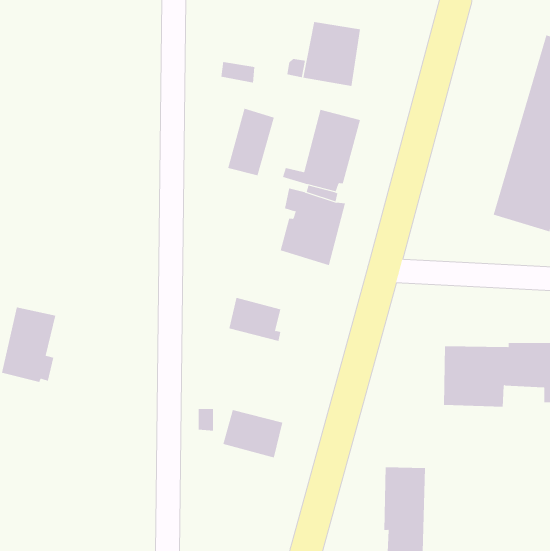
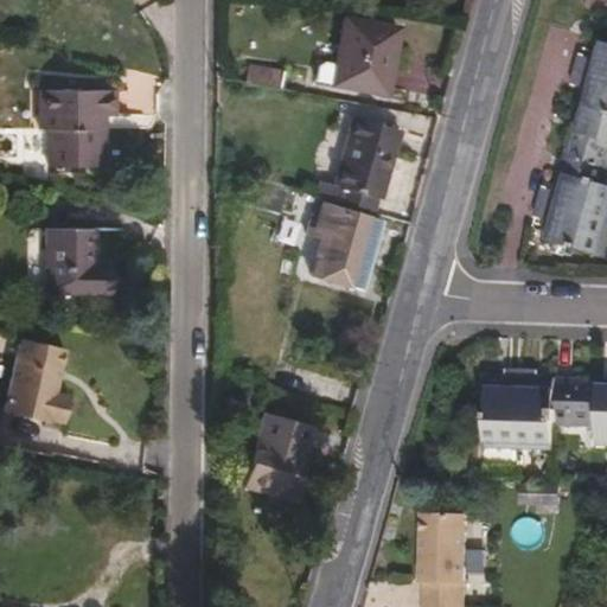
building: none -> [39,88,113,164]
building: [228,108,275,176] -> none
building: none -> [45,230,106,295]
building: [228,297,281,341] -> [257,416,315,465]

